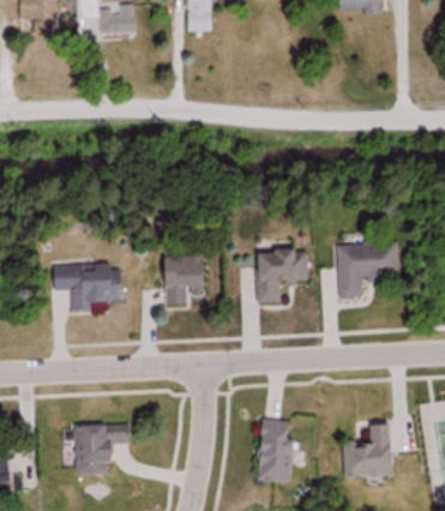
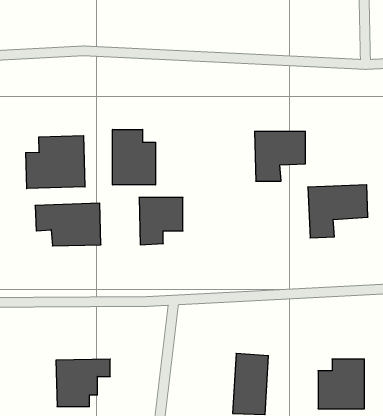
building: none -> [113,129,155,185]
building: none -> [26,136,85,189]
building: [254,252,307,303] -> [255,131,305,181]

